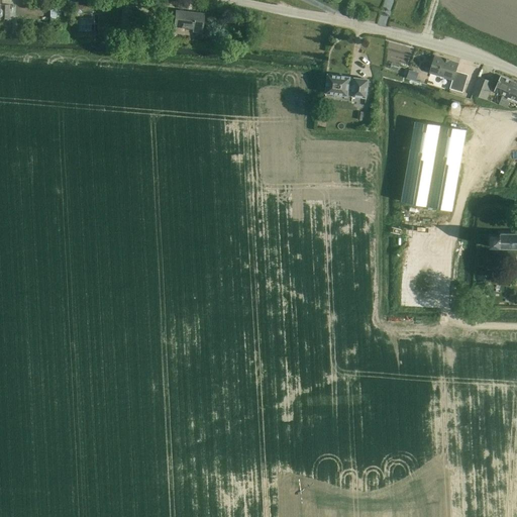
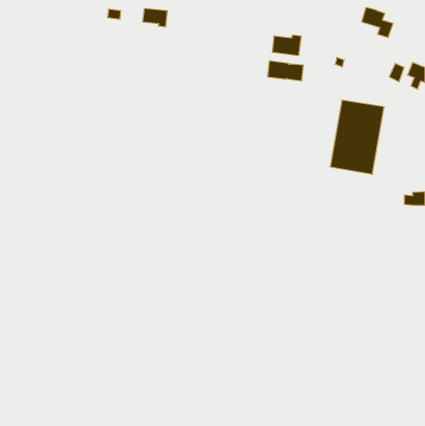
building: none -> [273,35,301,56]
building: [429,56,468,92] -> [362,8,393,38]

